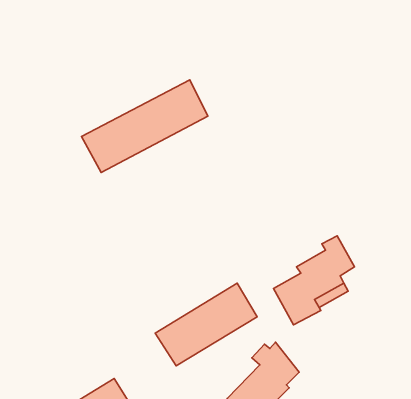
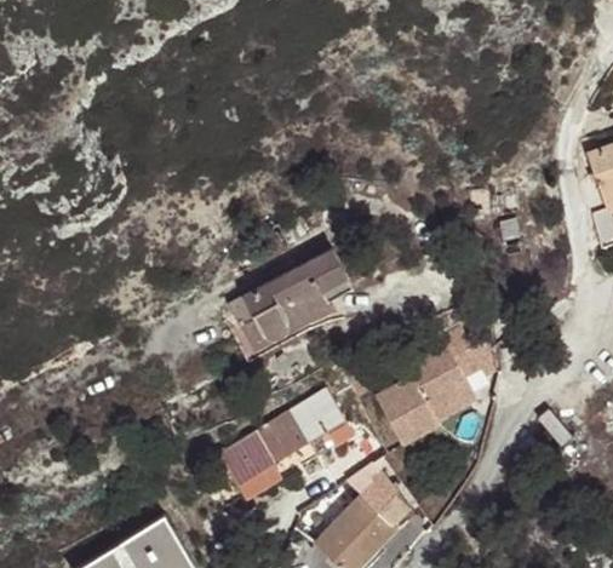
building: [82,80,208,172] -> none
building: none -> [229,249,351,351]

